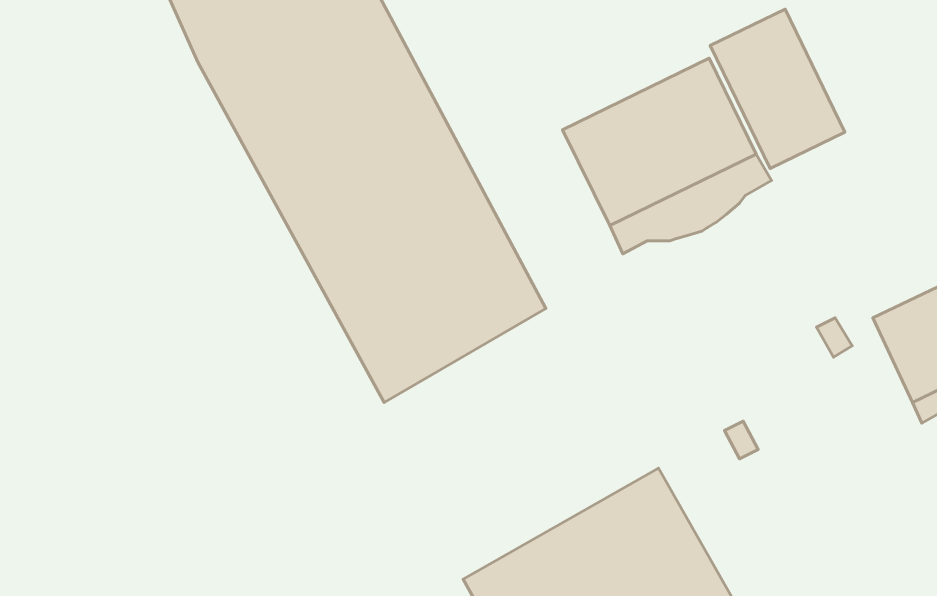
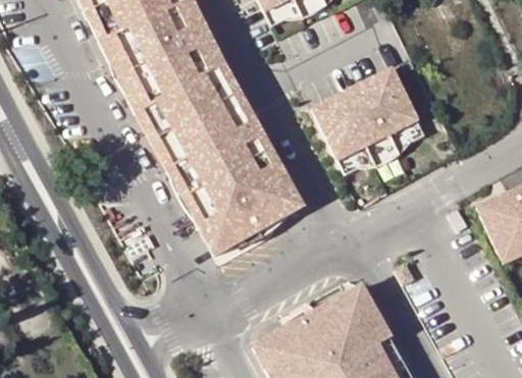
building: [710,9,845,168] -> none

